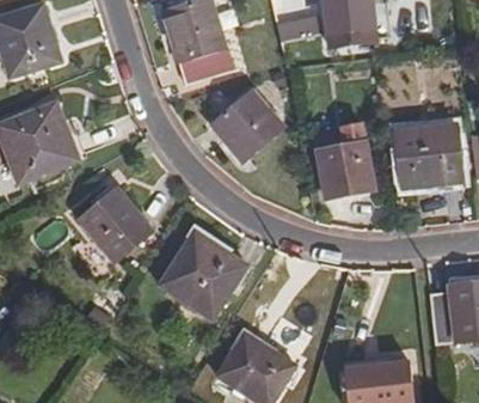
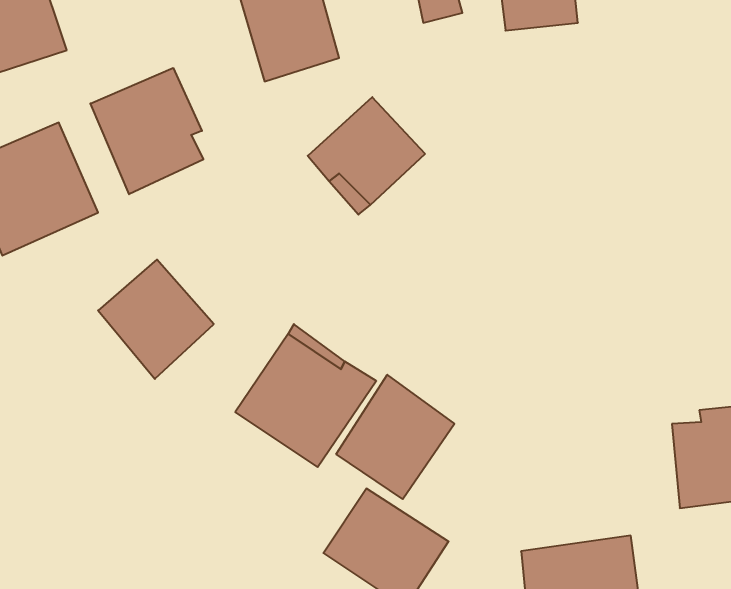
building: none -> [90,68,203,194]
building: [395,123,461,185] -> none
building: [317,126,376,199] -> none
building: none -> [336,375,454,499]

